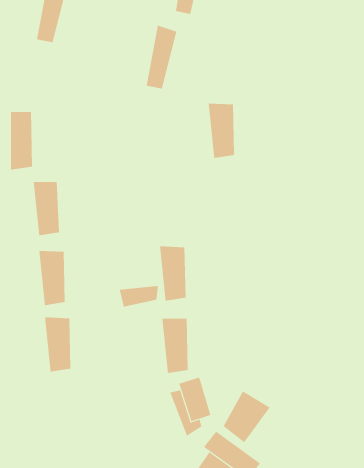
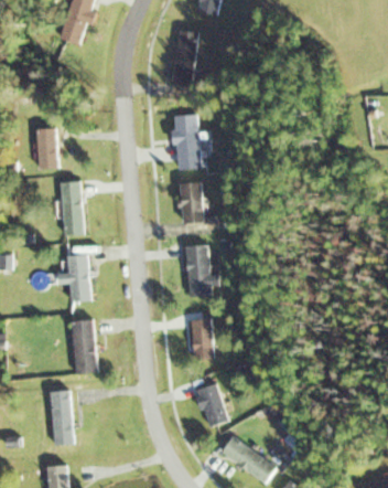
building: [208,103,235,158] -> [173,117,200,171]
building: none -> [176,182,205,226]
building: [119,285,158,308] -> none
building: none -> [46,382,73,447]
building: [223,391,271,443] -> none

